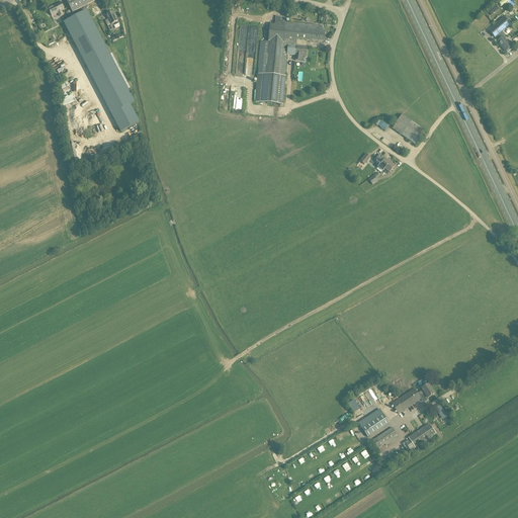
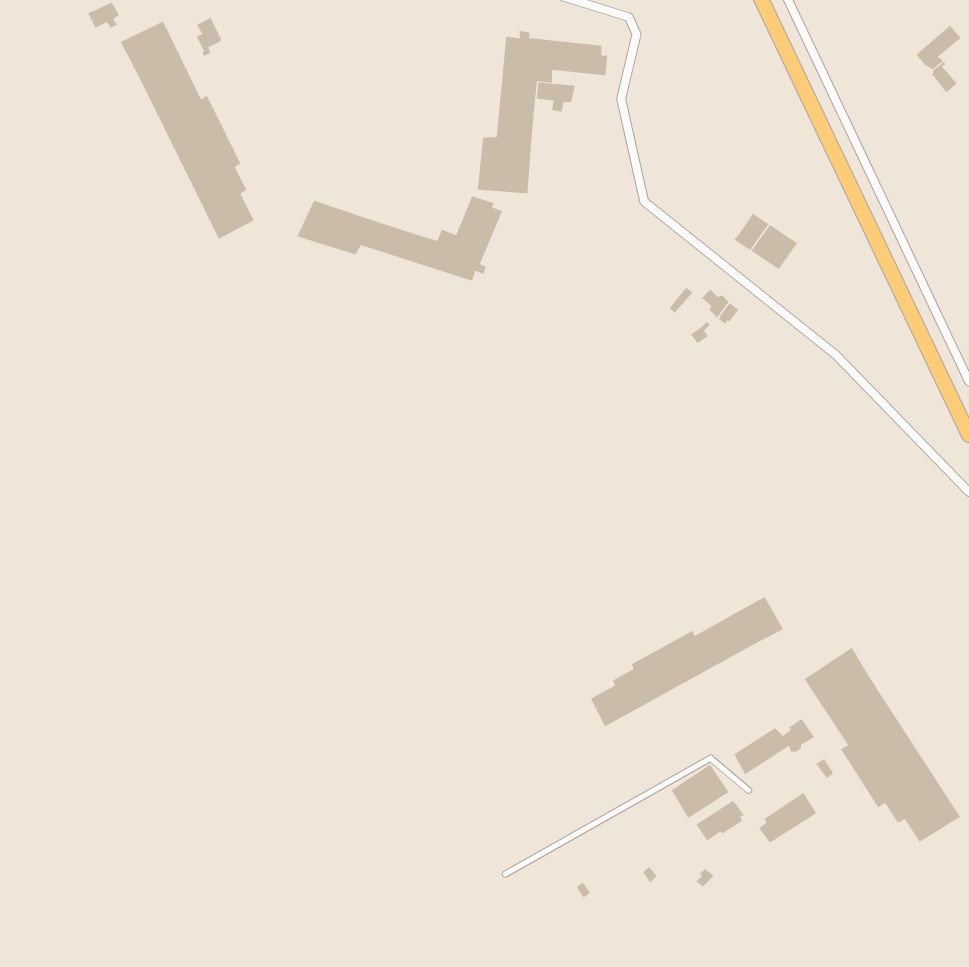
building: none -> [296,196,503,282]
building: none -> [590,596,784,727]
building: none -> [804,647,961,843]

